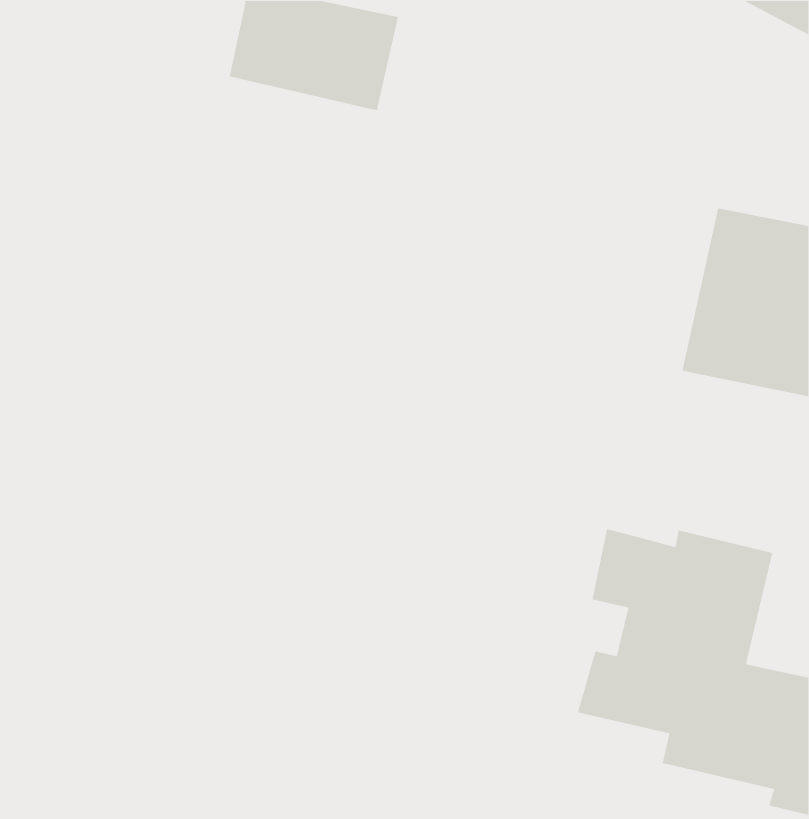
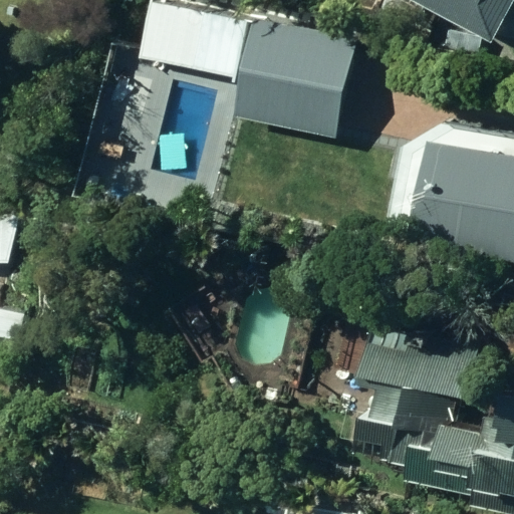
building: none -> [239,19,355,136]

